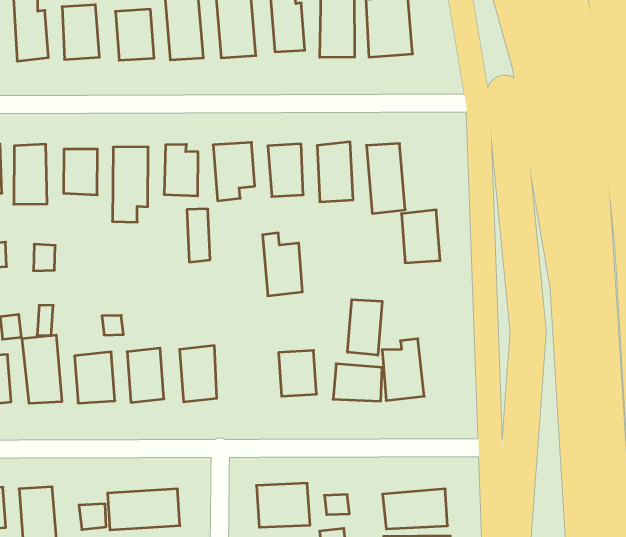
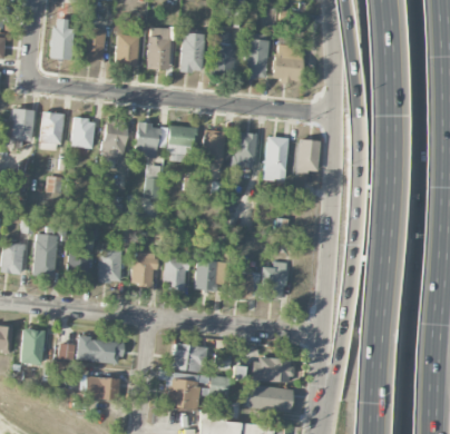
building: [401,210,440,263] -> [296,139,320,171]
building: [263,233,302,296] -> [164,250,187,289]
building: [348,300,382,355] -> none

